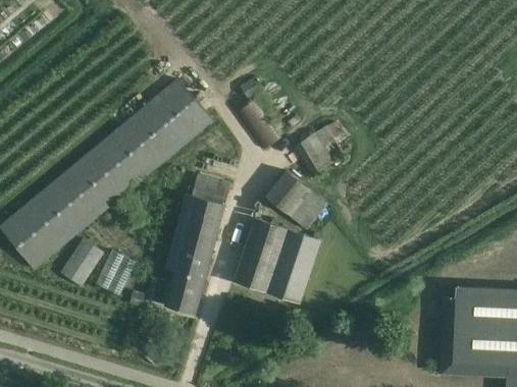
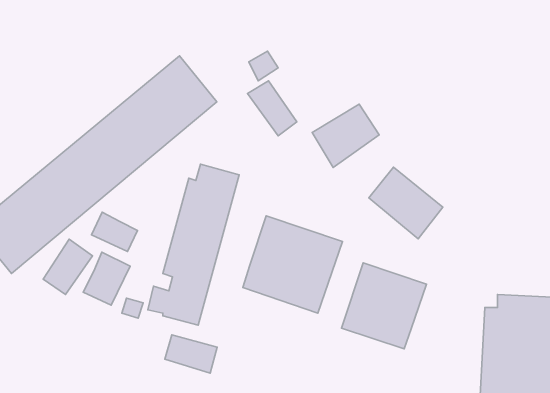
building: [265,169,329,231] -> [369,167,443,239]
building: none -> [92,212,138,252]
building: none -> [341,263,427,349]
building: none -> [165,335,217,373]

